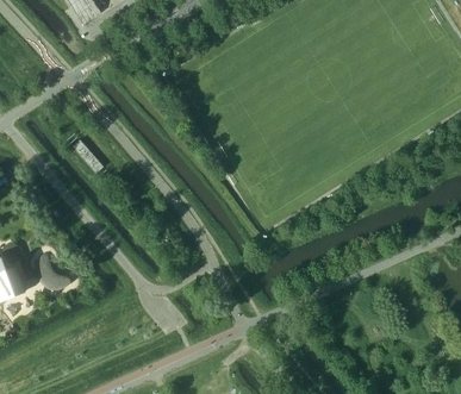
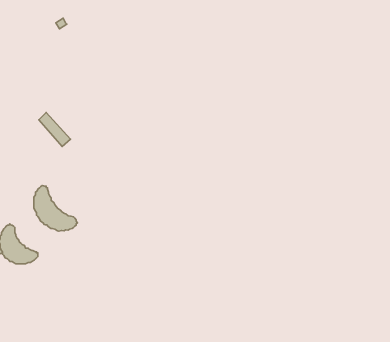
building: none -> [34,186,78,231]

